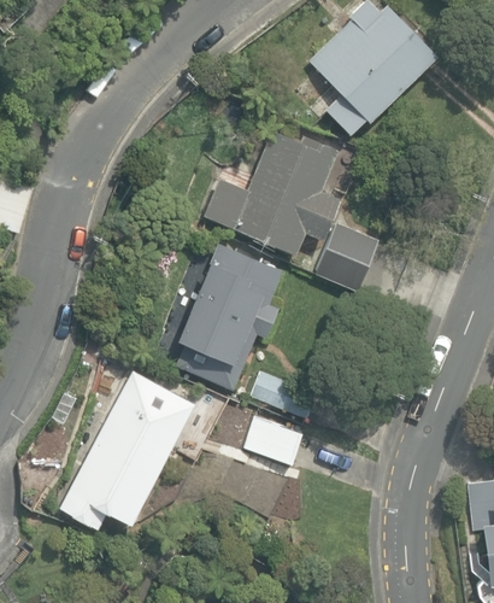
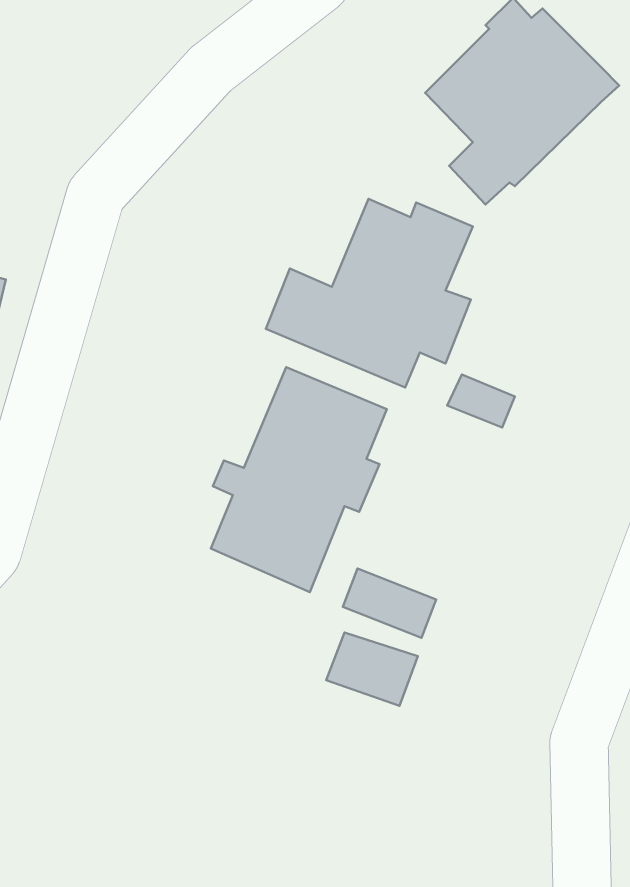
building: [60,370,182,528] -> none

